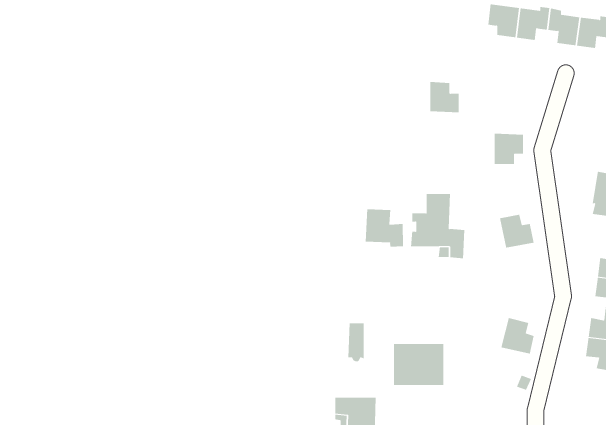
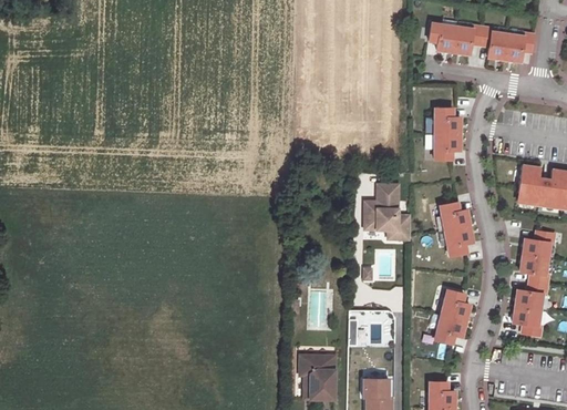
building: [429,81,459,113] -> [435,107,461,134]
building: [365,209,403,248] -> none
building: none -> [445,226,473,256]
building: none -> [435,315,466,344]

